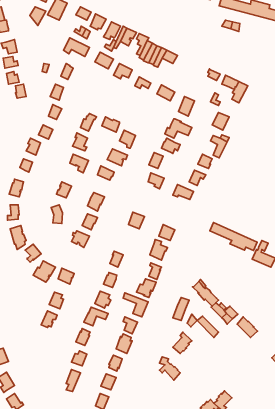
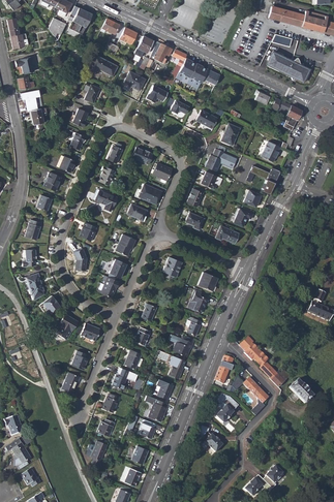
building: none -> [271,53,313,83]
building: [210,222,257,251] -> none

